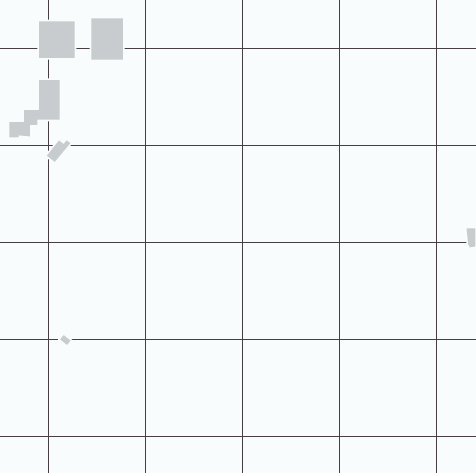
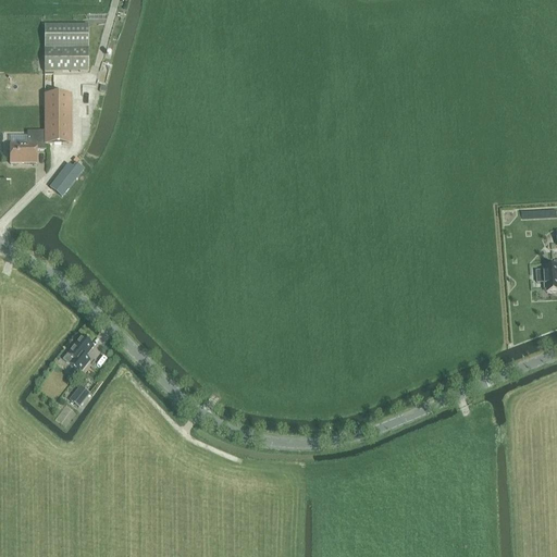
building: [91,18,124,61] -> none
building: none -> [64,333,94,370]

